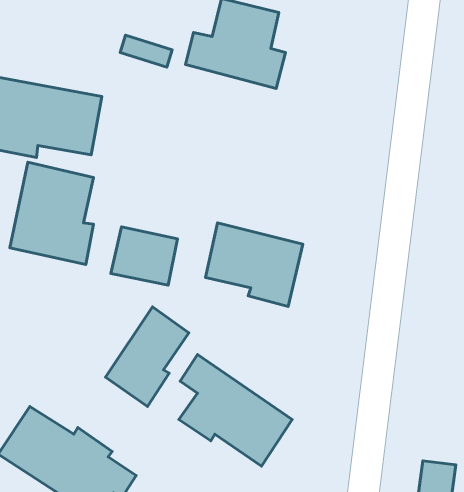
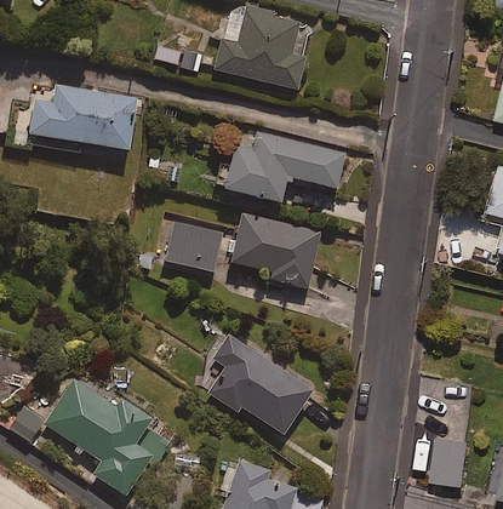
building: none -> [223,128,345,202]
building: [10,162,94,265] -> none
building: [106,307,189,406] -> none

